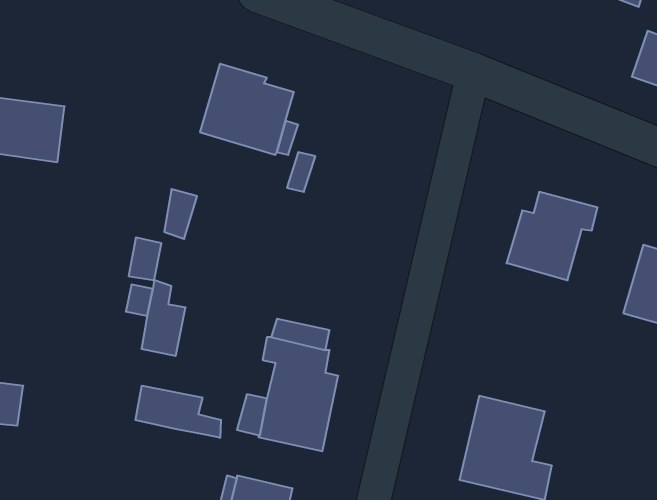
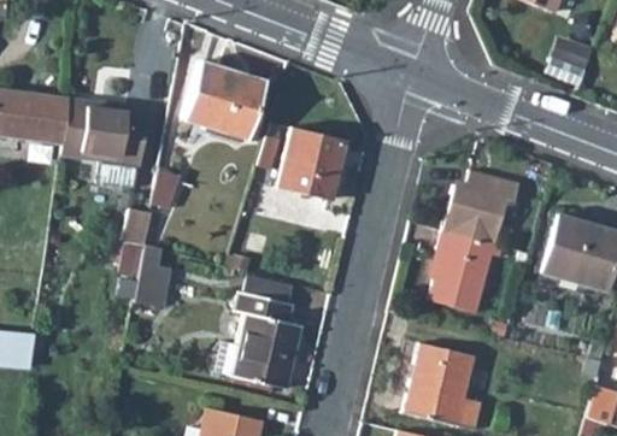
building: none -> [61,98,148,188]
building: none -> [277,128,343,201]
building: none -> [429,230,503,313]
building: [135,386,221,438] -> none

